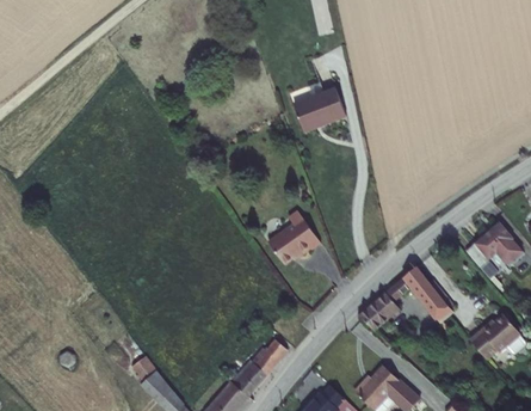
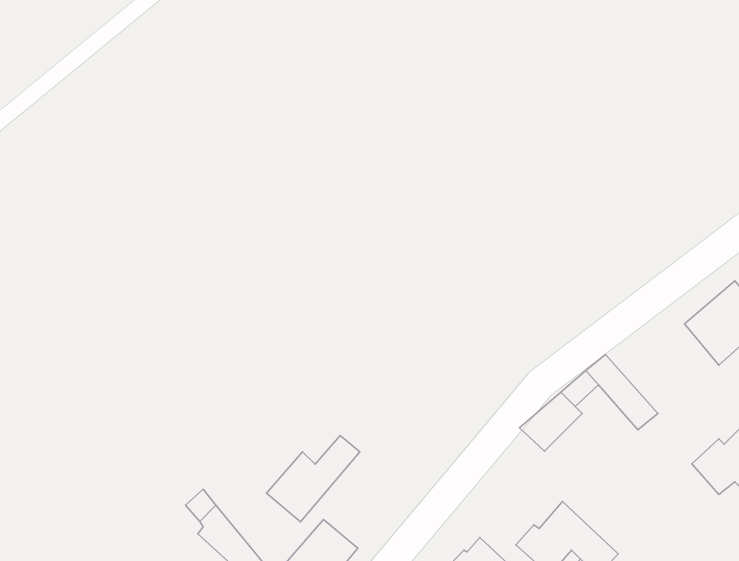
building: [295,92,346,133] -> none
building: [268,210,322,265] -> none
building: [226,338,288,395] -> [267,436,360,522]

